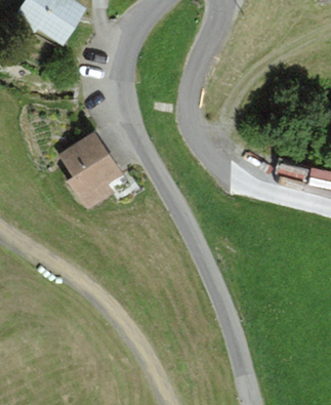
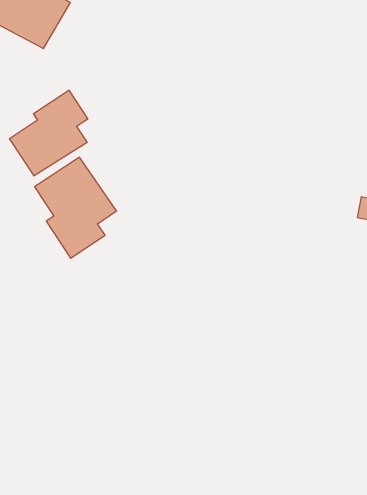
building: none -> [9,90,88,176]

